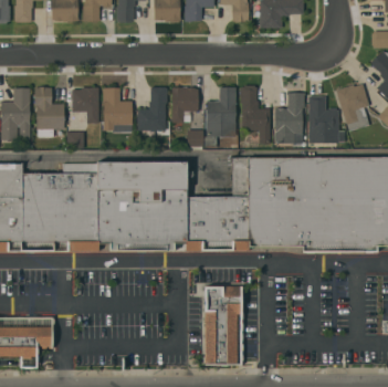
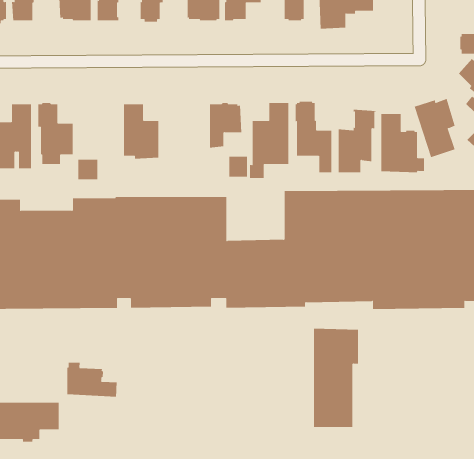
building: [137,86,167,130] -> none
building: [72,87,98,123] -> none
building: [205,285,241,365] -> [313,328,359,428]
building: none -> [67,362,117,397]

